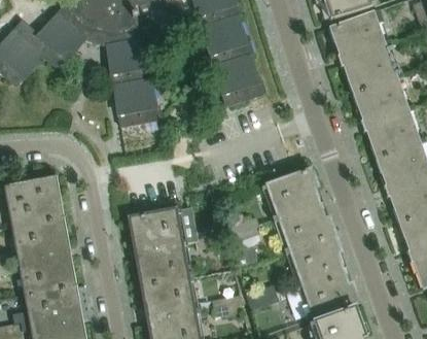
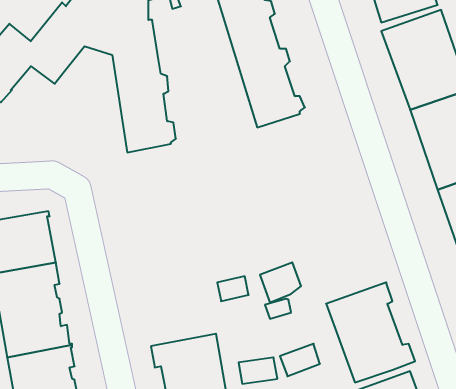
building: [262,169,334,251] -> none
building: [128,209,194,286] -> none

